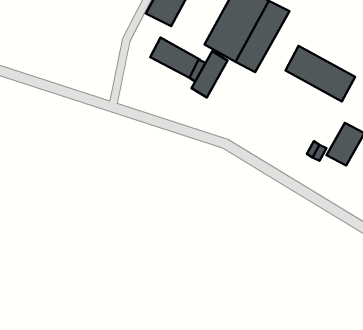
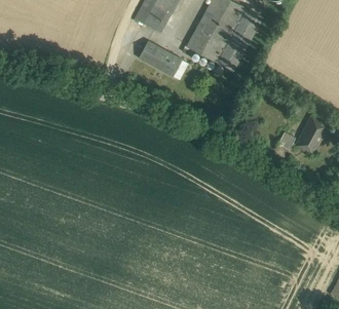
building: [285,46,355,101] -> none
building: [191,51,227,98] -> none

